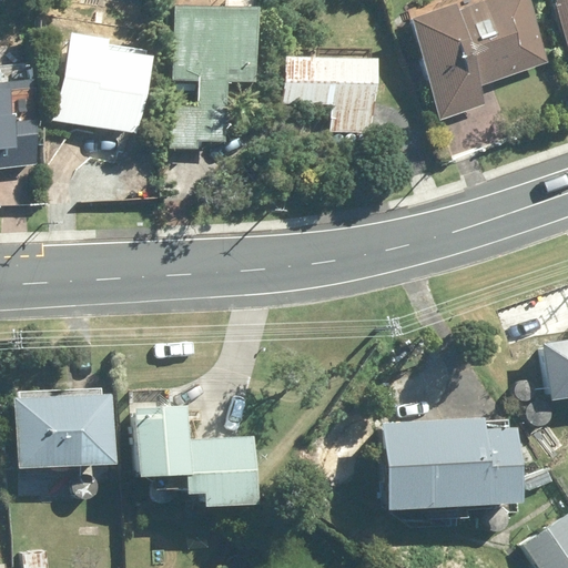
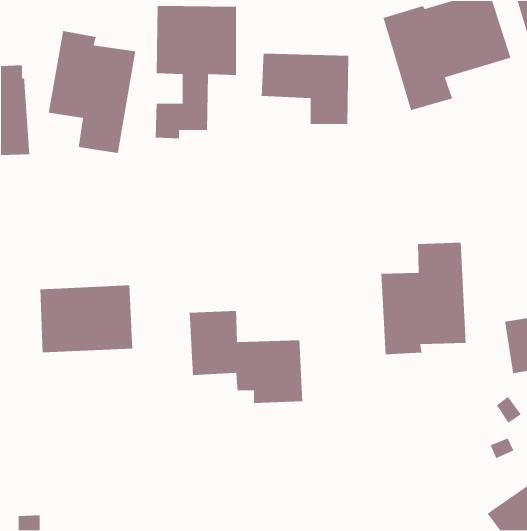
building: none -> [380,242,467,355]
building: [14,394,114,467] -> [40,285,133,353]
building: [134,406,256,506] -> [189,310,303,404]
building: [385,418,521,509] -> none

